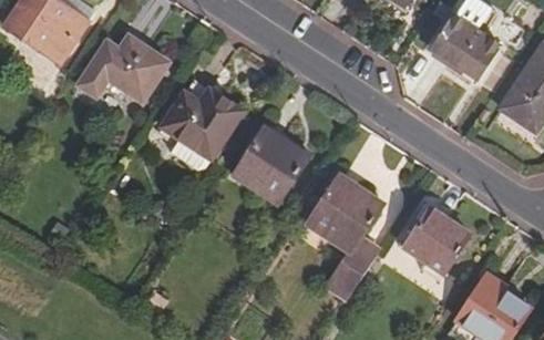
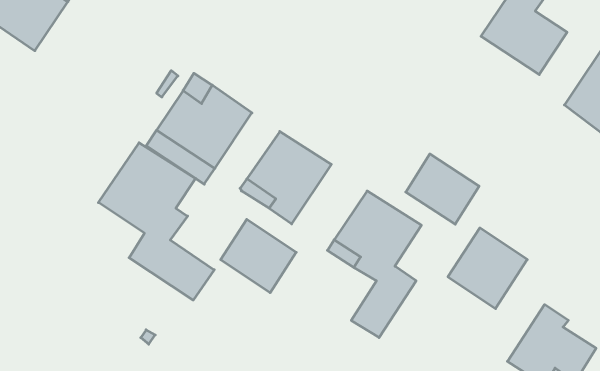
building: [78,34,167,100] -> none
building: none -> [98,143,214,300]
building: none -> [406,154,479,224]
building: none -> [221,219,296,293]

